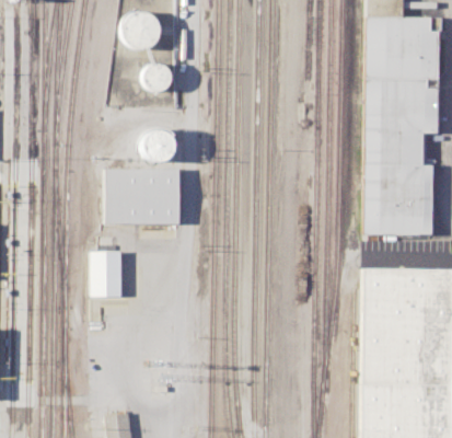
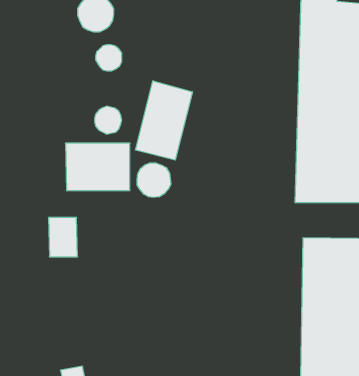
building: none -> [135,81,192,160]
building: none -> [137,163,171,197]

